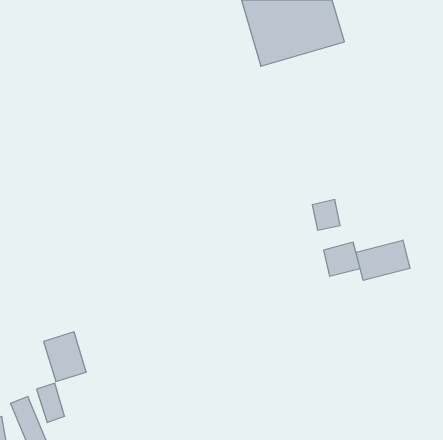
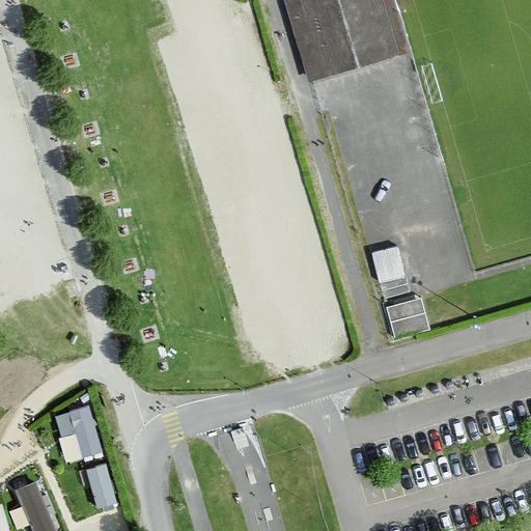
building: [356,240,410,280] -> none
building: [37,383,65,422] -> [83,460,116,507]

